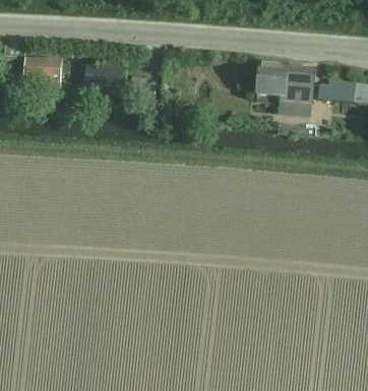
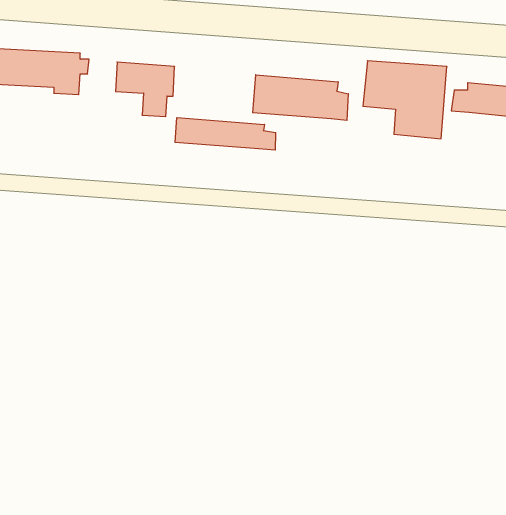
building: none -> [253,75,348,120]
building: none -> [175,118,276,150]

